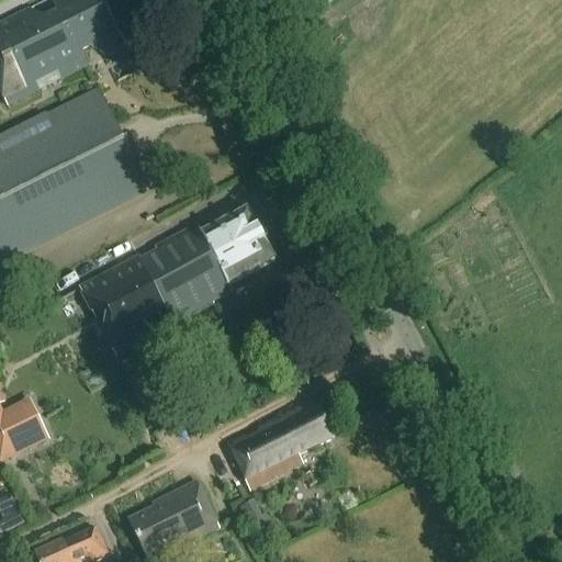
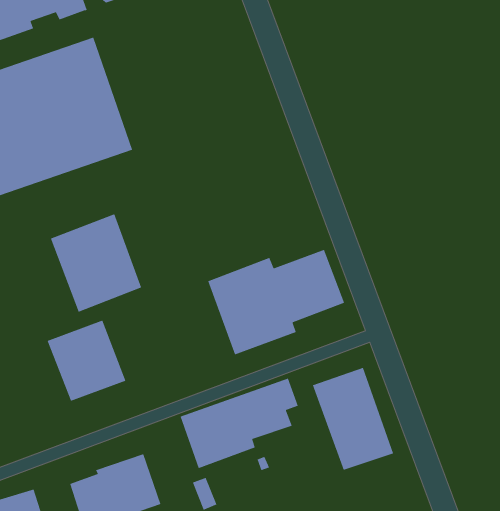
building: [138,207,273,321] -> [207,249,345,355]
building: none -> [47,319,126,402]
building: none -> [312,367,394,471]

